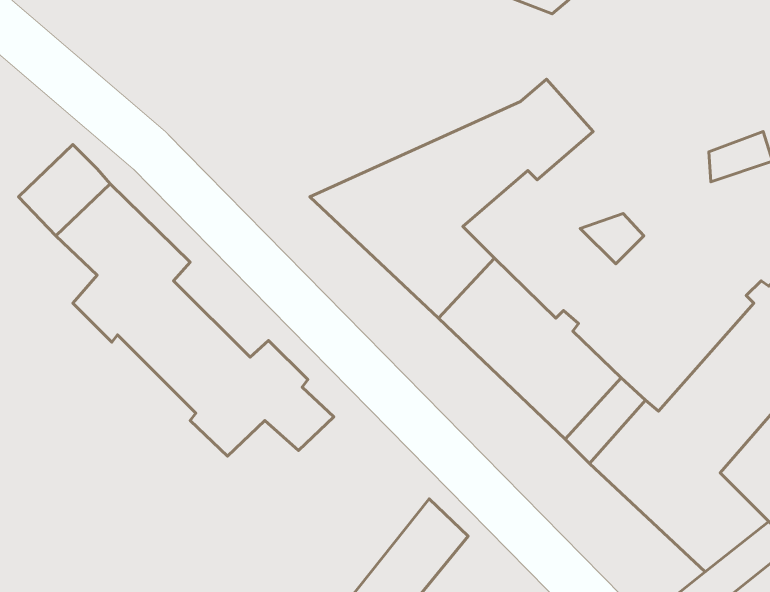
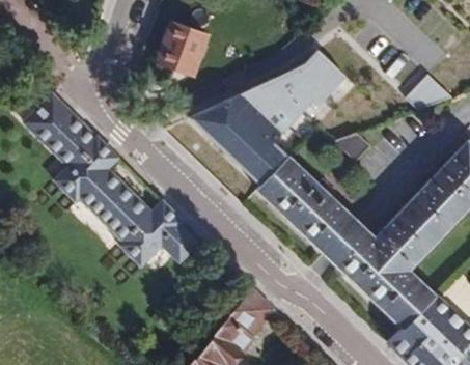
building: none -> [154,20,201,72]

